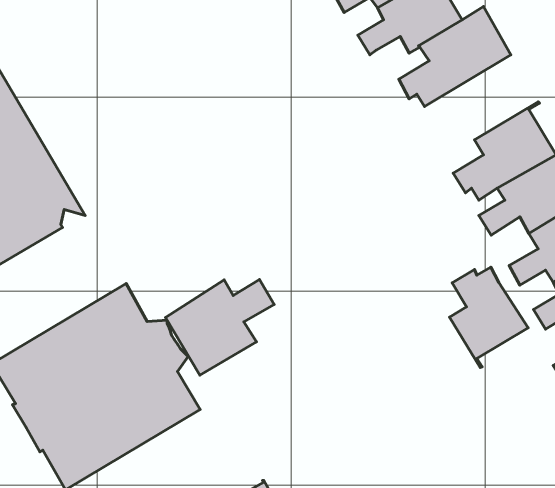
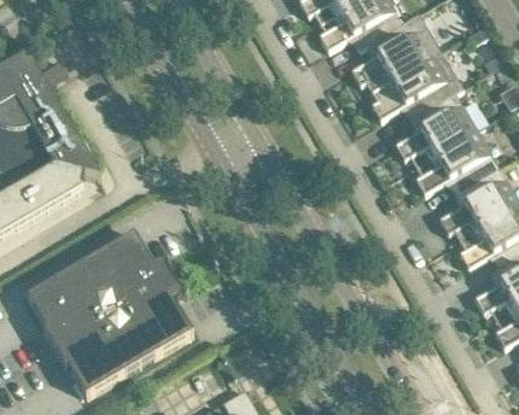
building: none -> [371,47,461,116]
building: [450,267,528,368] -> none
building: [165,279,274,375] -> none

